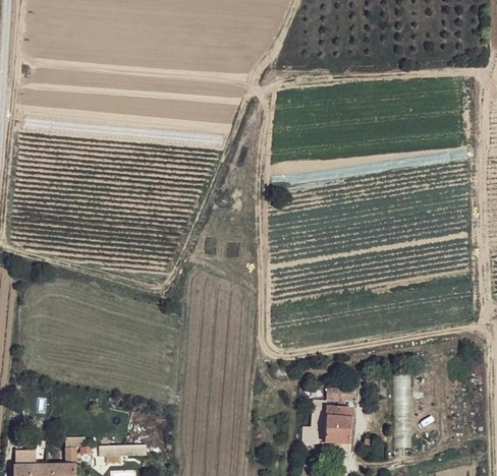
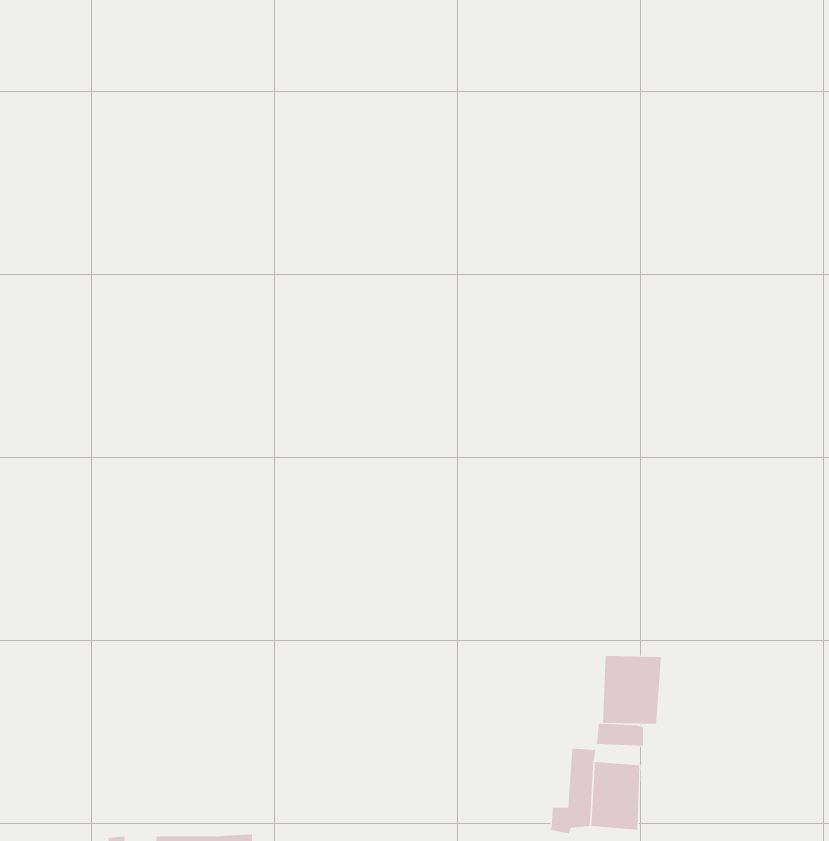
building: none -> [602,655,661,724]

